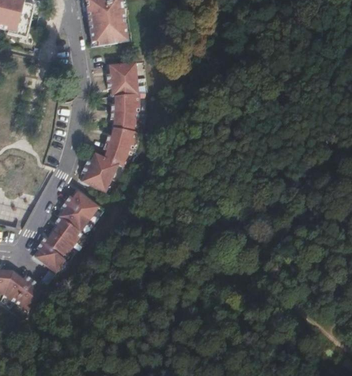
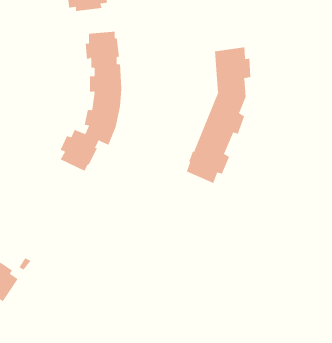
building: none -> [186,47,251,184]
building: [35,191,98,272] -> none

